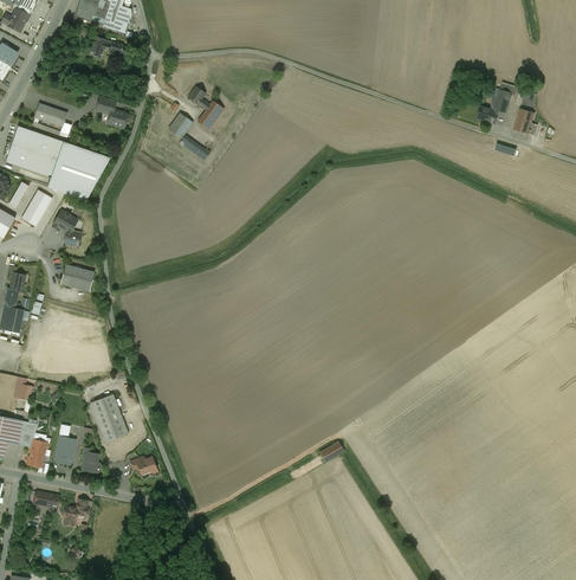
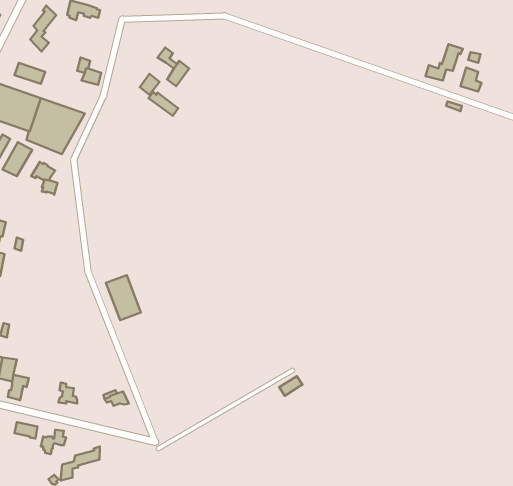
building: none -> [30,6,56,52]
building: [59,264,93,290] -> none
building: [89,393,127,442] -> [106,275,141,320]
building: [52,424,75,464] -> none
building: none -> [61,447,100,480]

